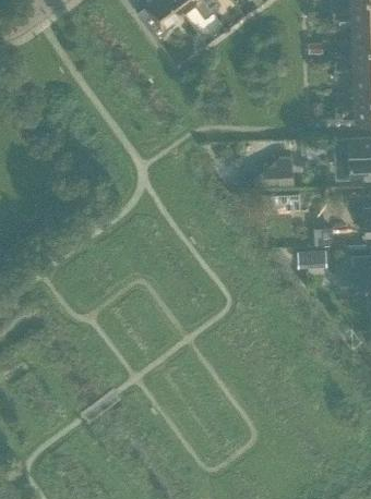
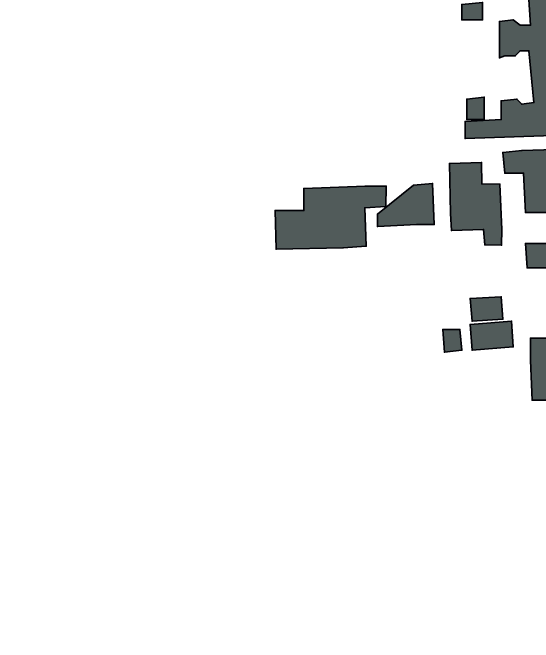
building: none -> [450,163,502,245]
building: none -> [275,186,386,249]

